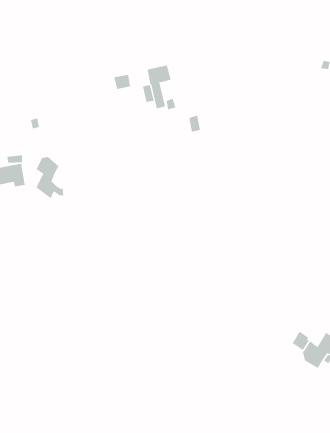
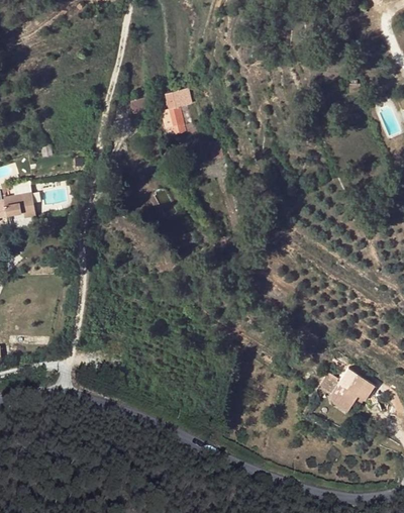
building: [36,156,64,199] -> none

